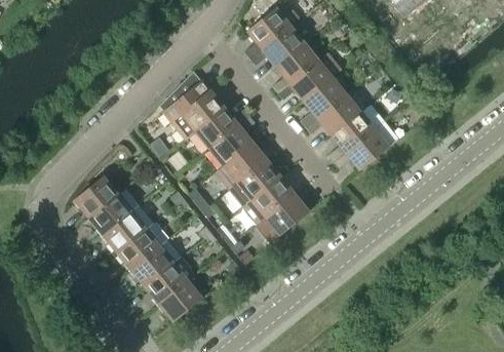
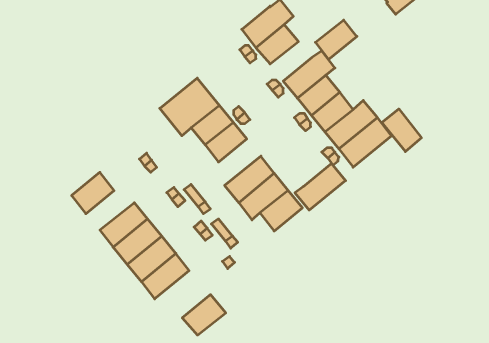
building: [275,43,317,83] -> [315,20,357,60]
building: none -> [382,109,421,152]
building: [215,142,266,189] -> [295,163,346,210]
building: [88,189,138,234] -> none
building: [158,280,202,321] -> [182,295,226,335]

